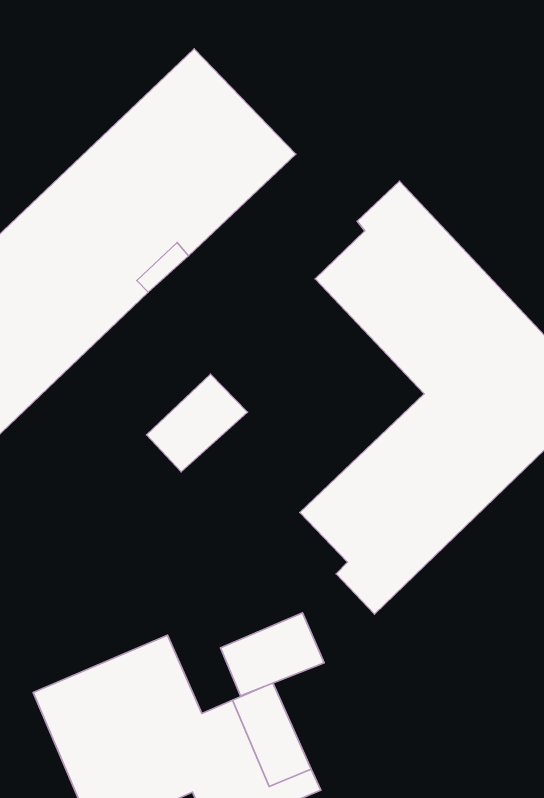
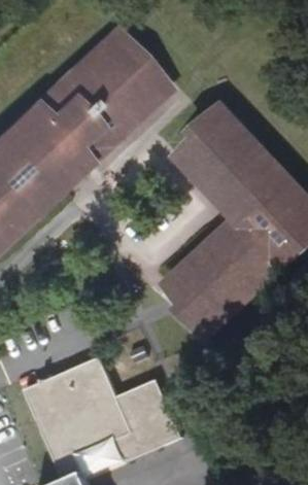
building: [146,374,247,472] -> none
building: [220,613,324,696] -> none

